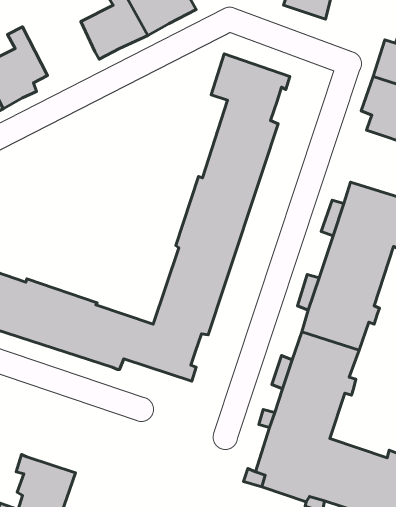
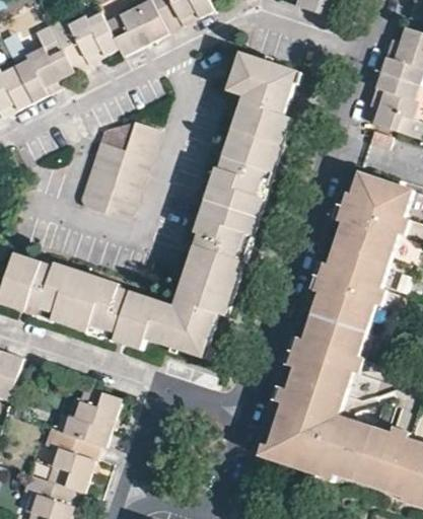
building: none -> [49,13,117,72]
building: none -> [79,122,158,219]
building: none -> [53,387,120,447]

